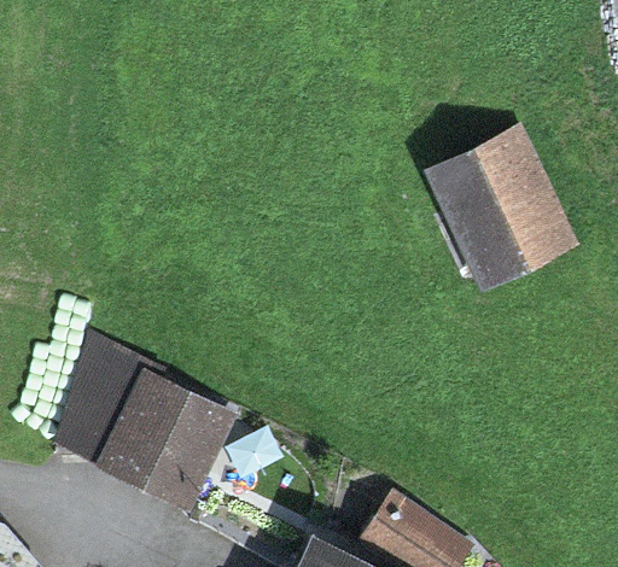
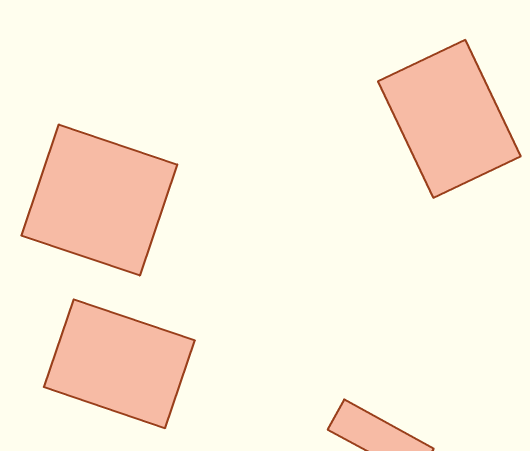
building: none -> [21,124,177,276]

